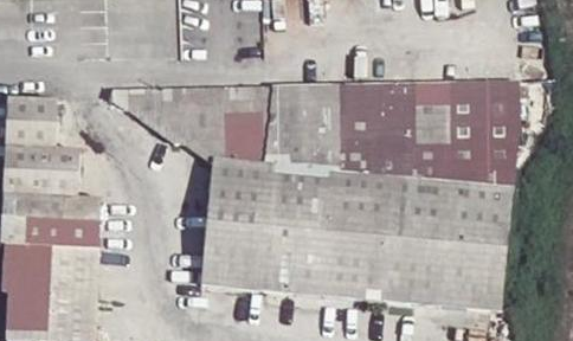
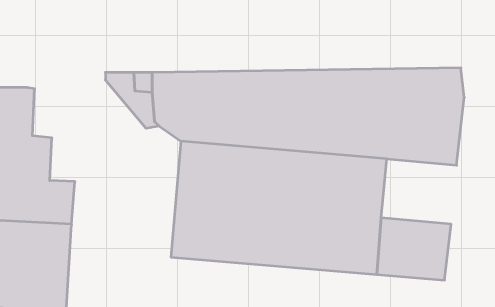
building: [431,179,513,250] -> none

